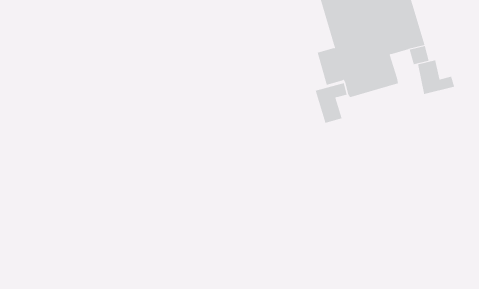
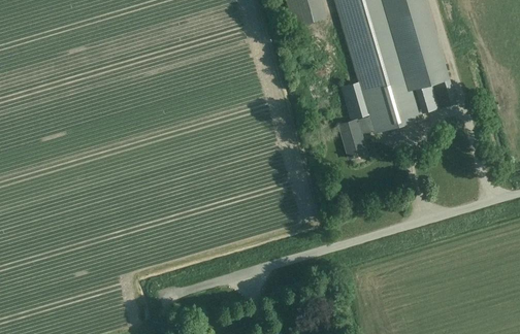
building: [417,60,455,95] -> none

